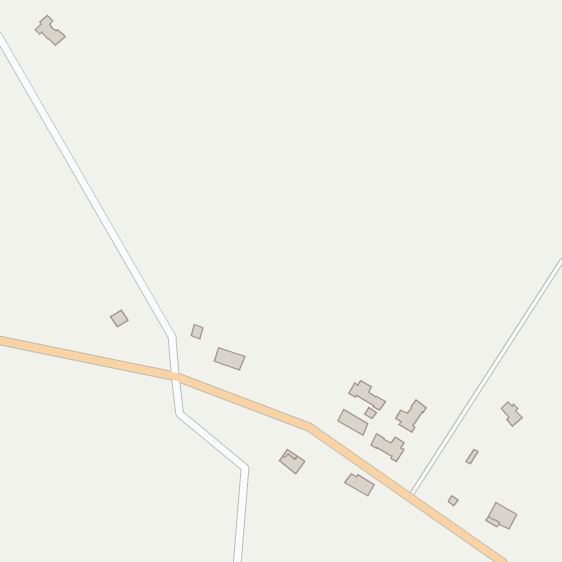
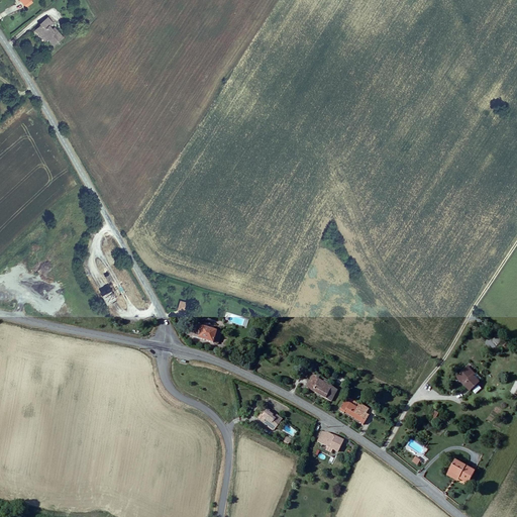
building: [349,381,386,410] -> none
building: [396,400,426,432] -> none

